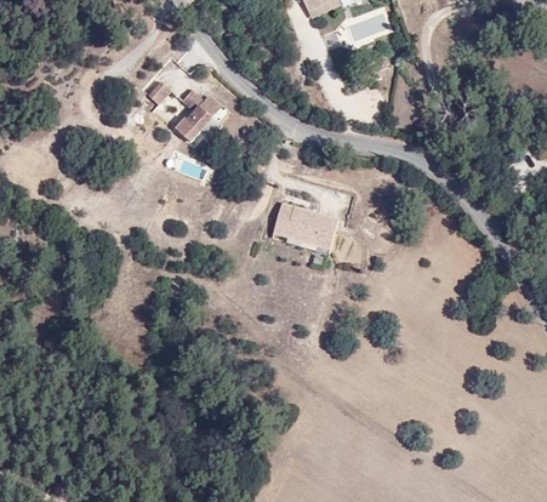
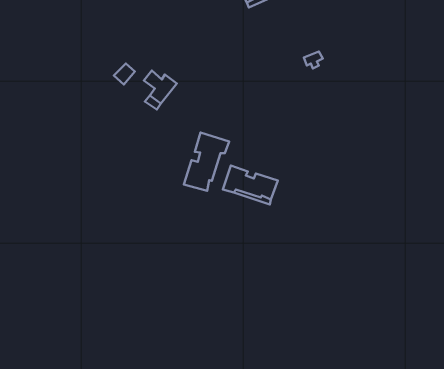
building: none -> [184,133,229,191]

